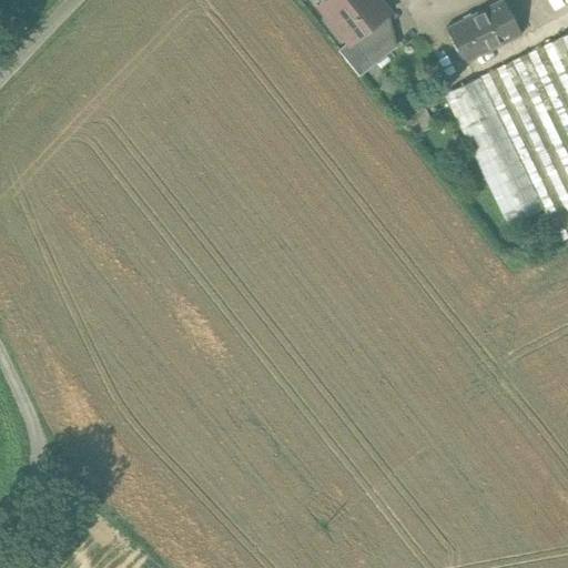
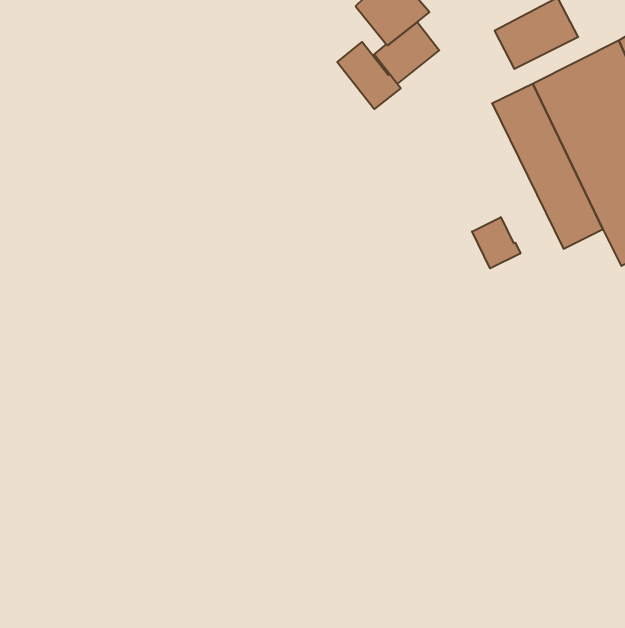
building: none -> [337,42,401,109]
building: none -> [472,217,520,268]

